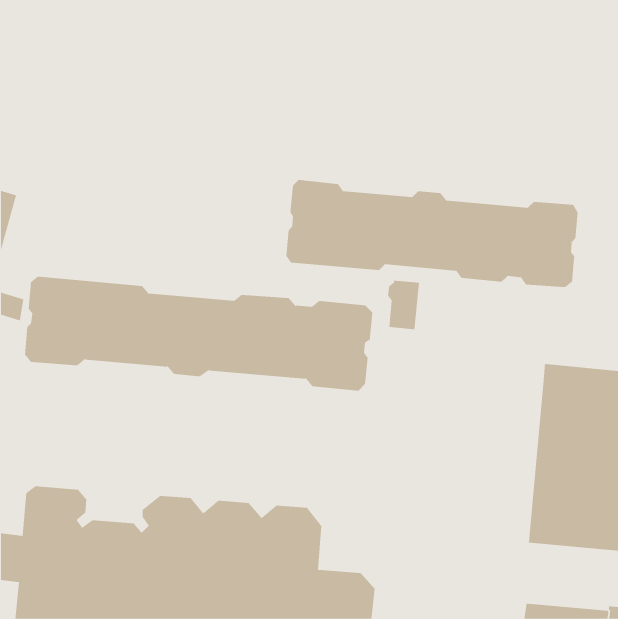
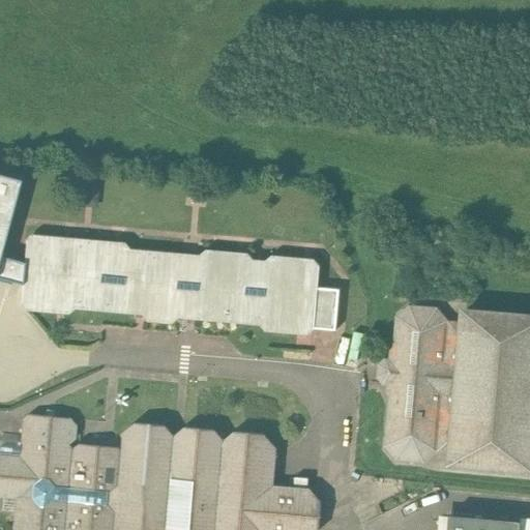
building: [286,179,578,288] -> none
building: [387,280,420,330] -> [313,288,341,330]
building: none -> [382,307,465,461]

